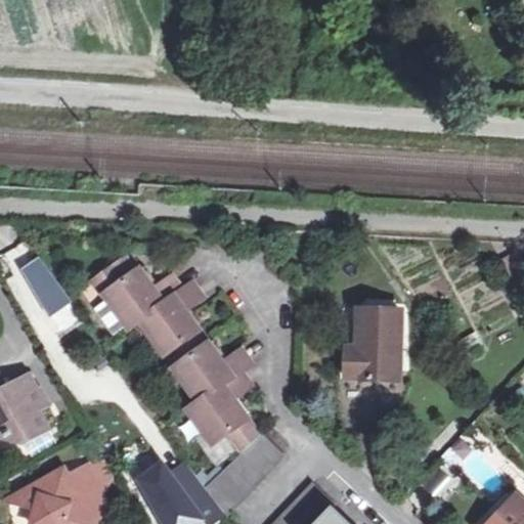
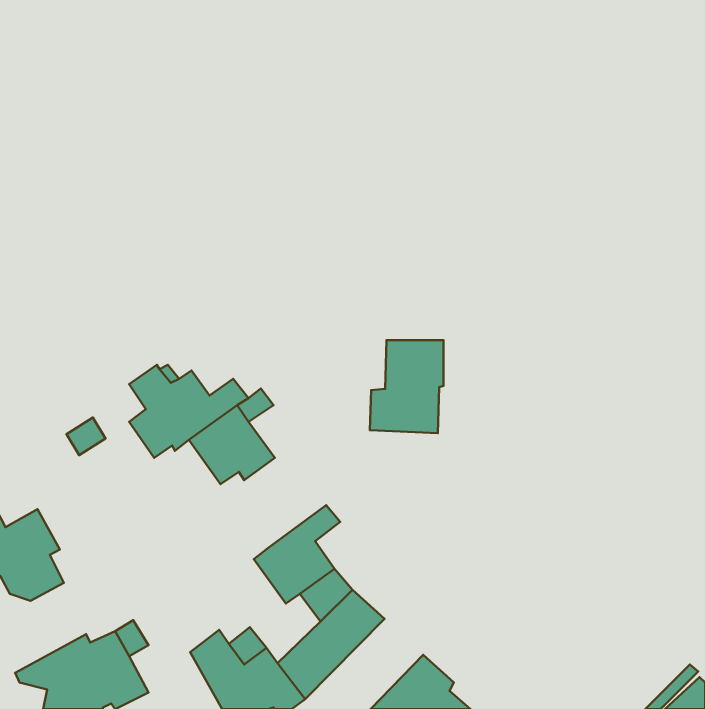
building: [27,264,68,316] -> none
building: [345,311,399,380] -> [370,340,443,433]
building: [173,338,250,404] -> none

